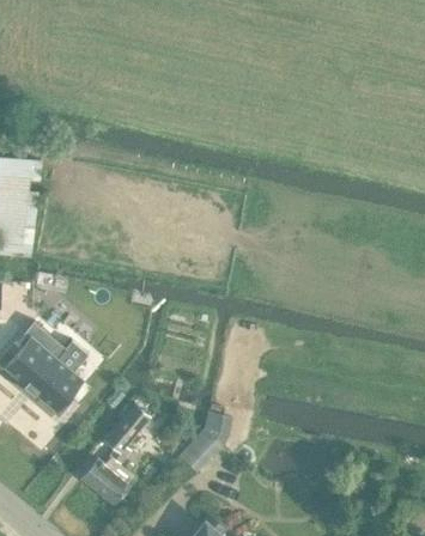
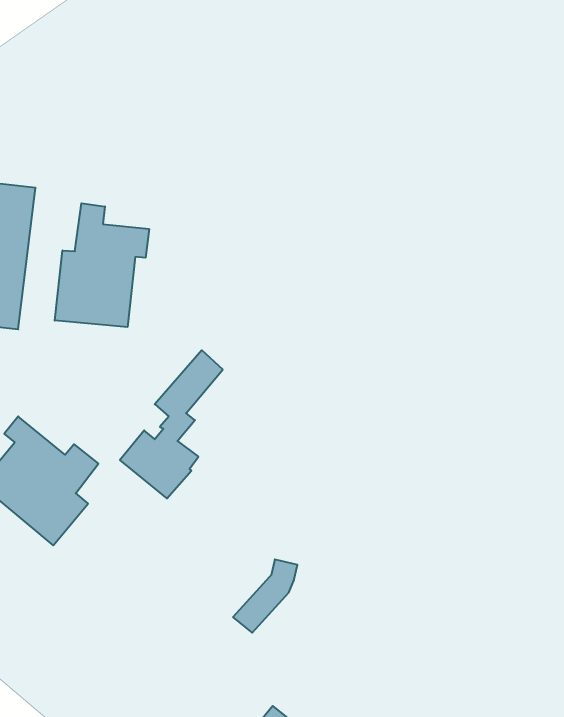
building: none -> [55,203,149,327]
building: [80,404,151,506] -> [120,350,223,498]

